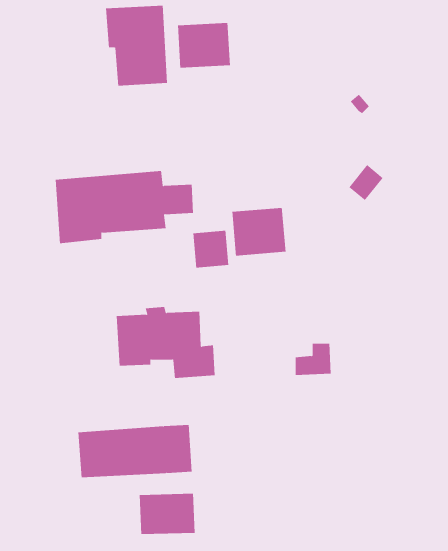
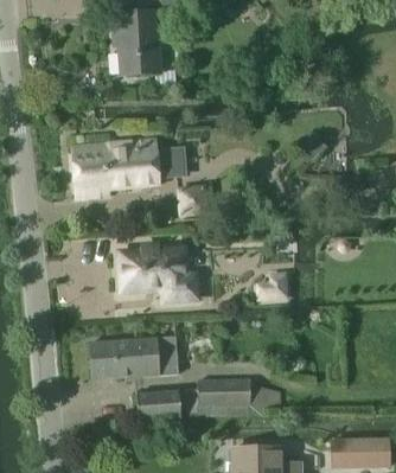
building: [177,22,231,68] -> none
building: [232,207,286,256] -> none
building: none -> [198,378,263,417]

